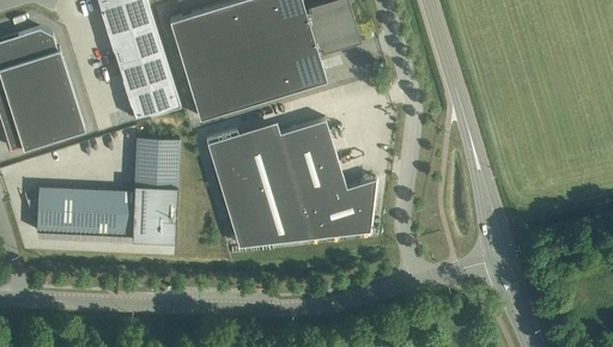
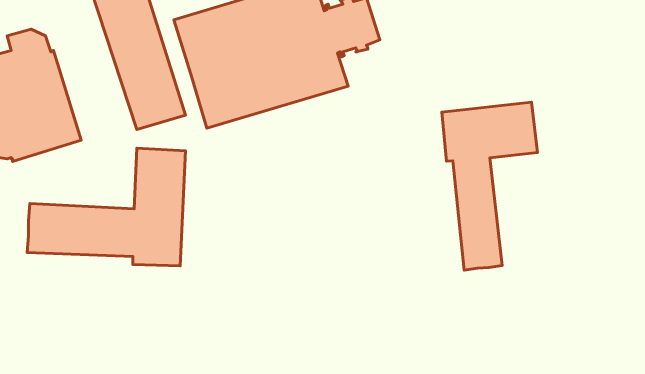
building: none -> [442,102,538,270]
building: [207,120,376,246] -> none

